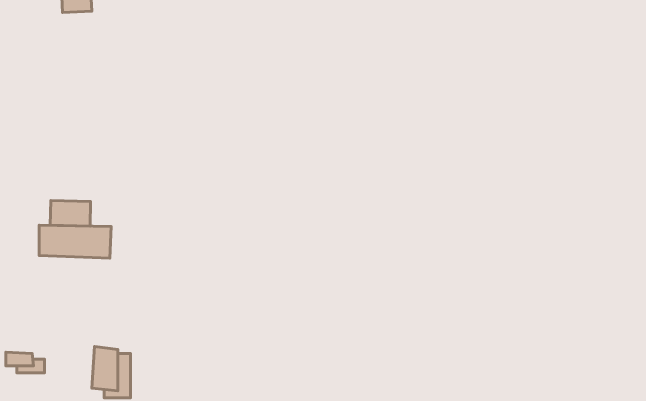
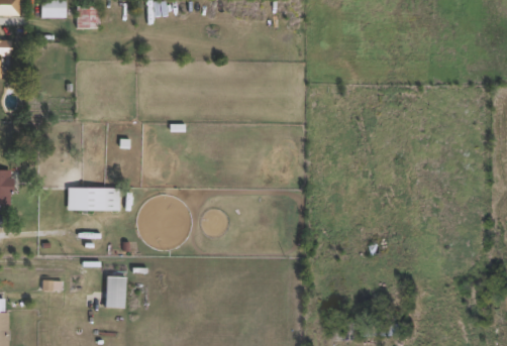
building: [50,201,91,226] -> none

